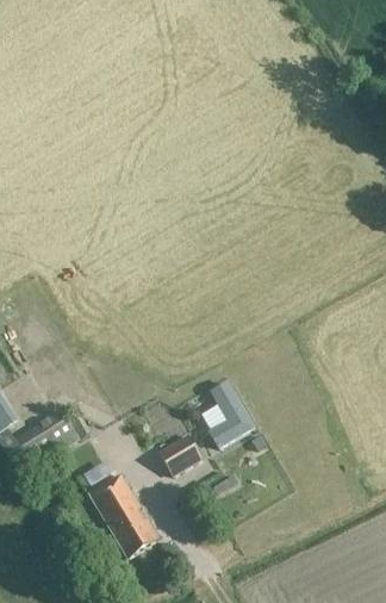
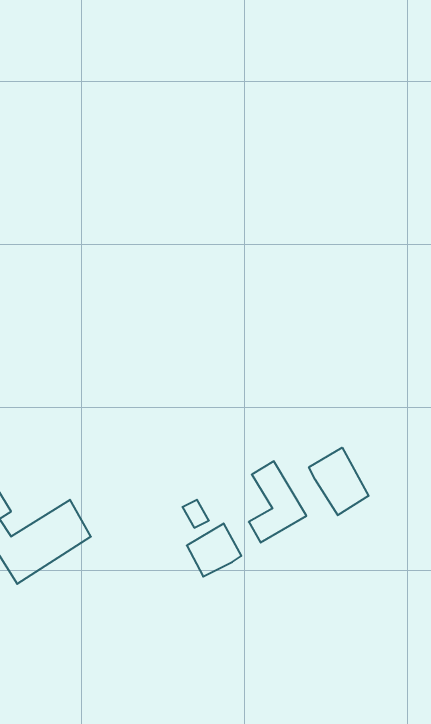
building: none -> [309,448,369,515]
building: [87,472,157,554] -> none

